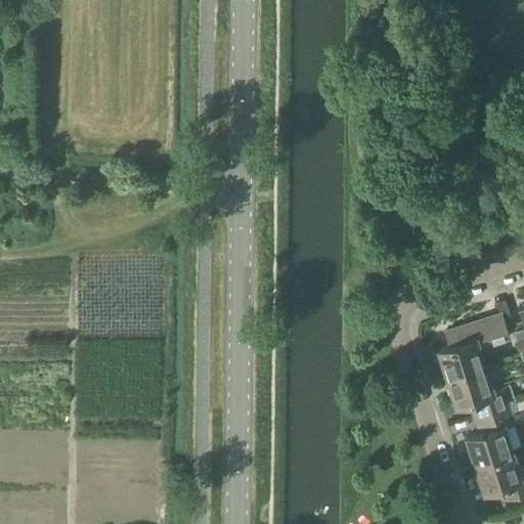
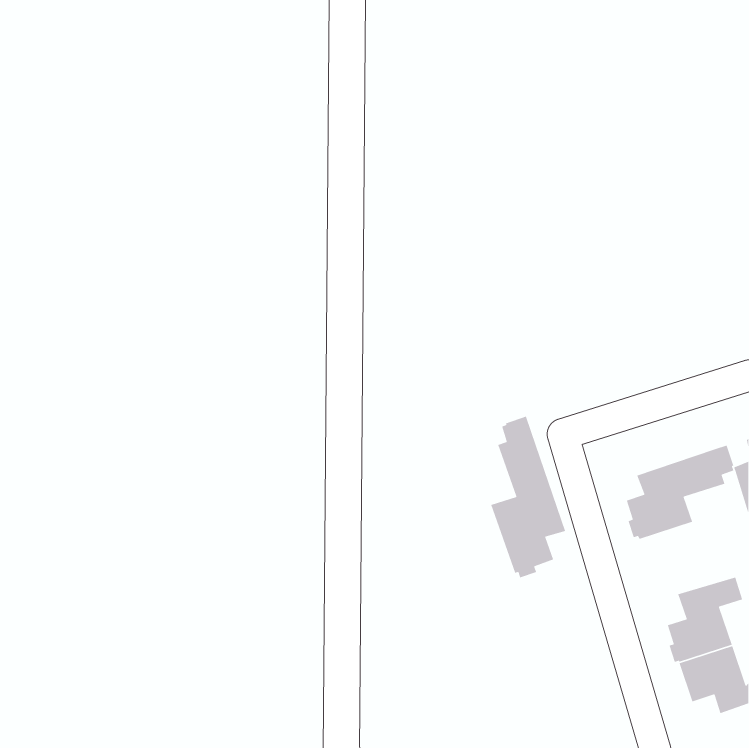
building: none -> [490,415,566,579]
building: [446,365,514,416] -> none

